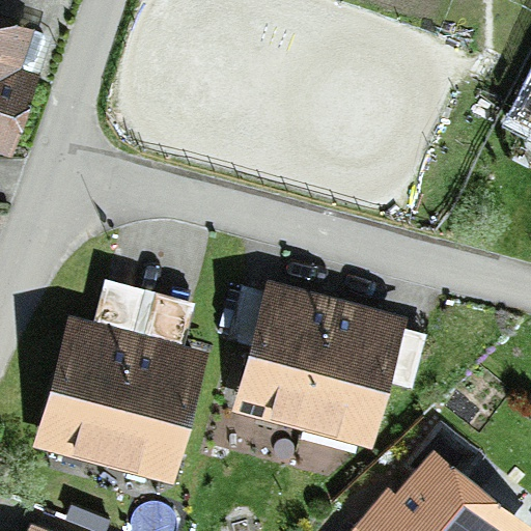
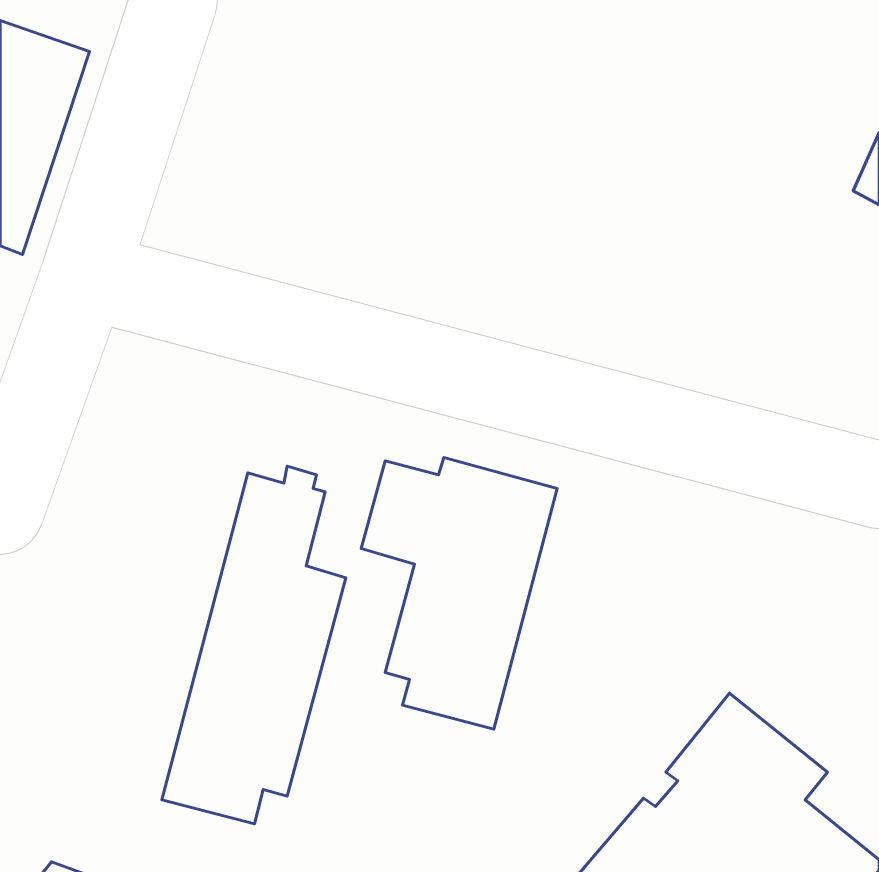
building: [32,278,149,486] -> none
building: [298,299,426,459] -> none

